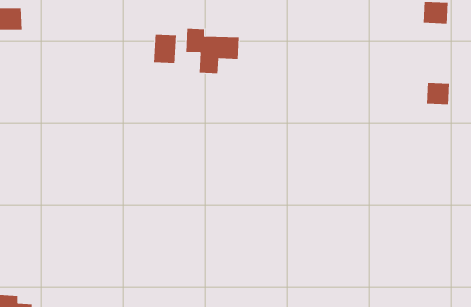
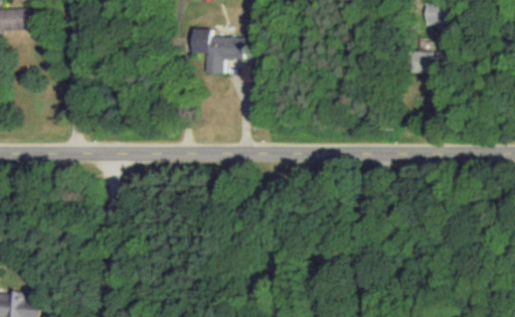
building: [154,34,176,64] -> none
building: [426,82,450,105] -> [412,50,436,72]

